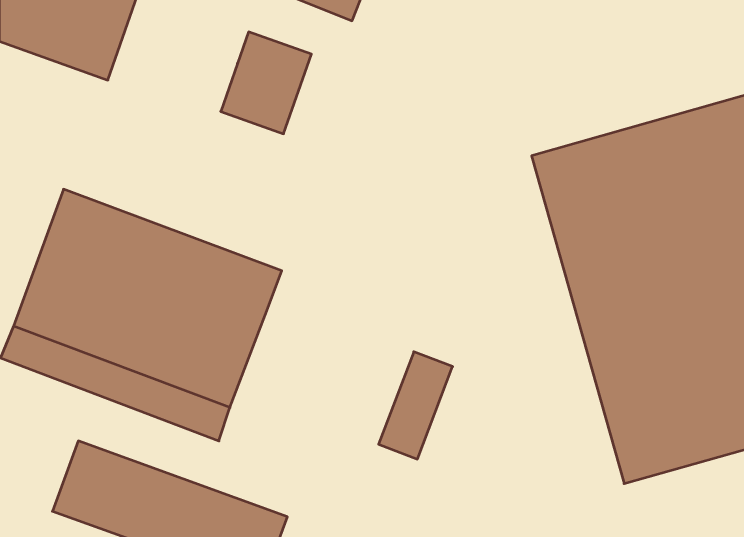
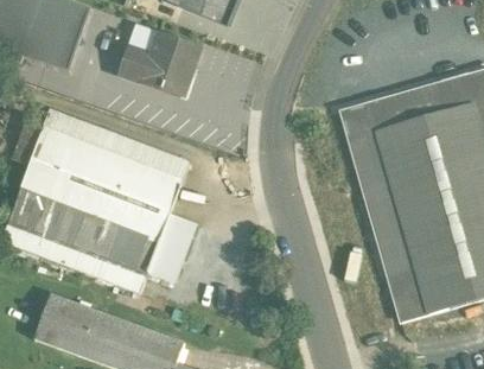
building: none -> [122,46,153,83]
building: none -> [42,110,190,185]
building: [379,352,453,459] -> [148,214,196,282]

